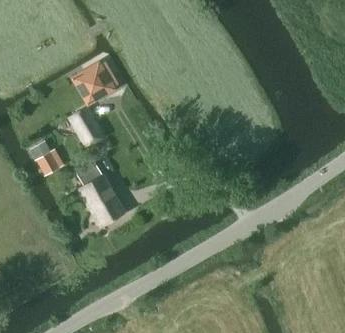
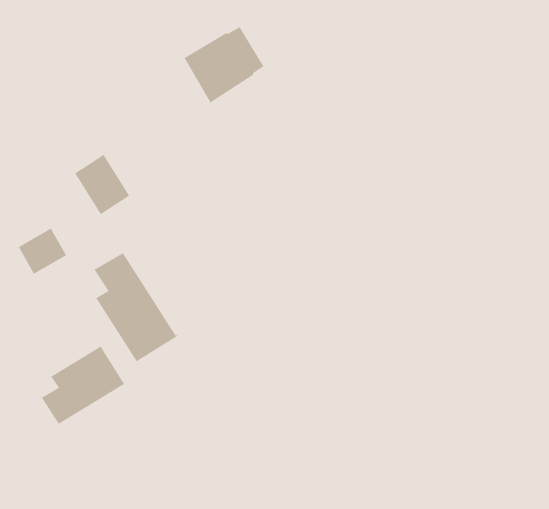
building: [72,63,118,107] -> [184,26,264,103]
building: none -> [41,345,125,425]

